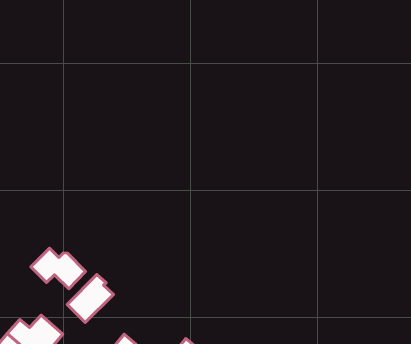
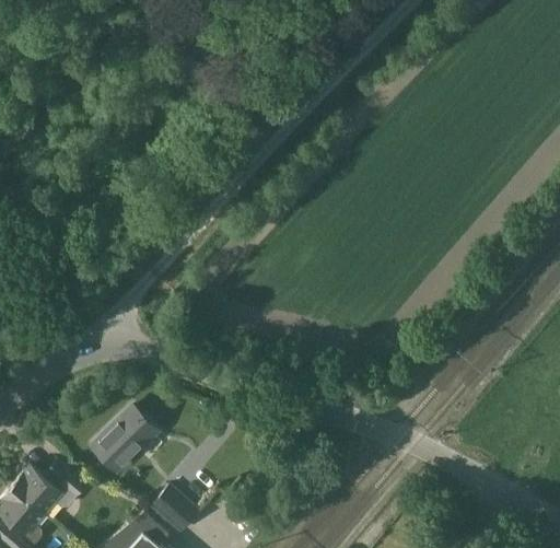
building: [31,248,86,289] -> none

